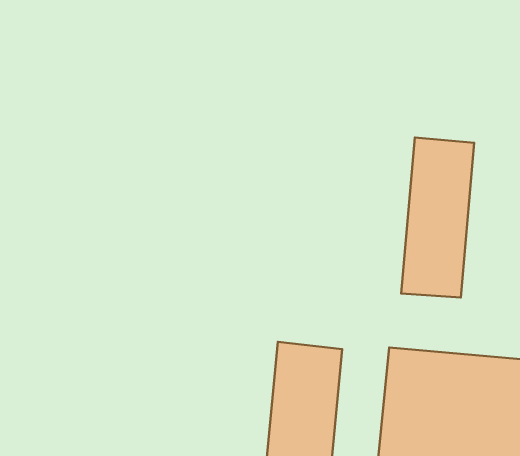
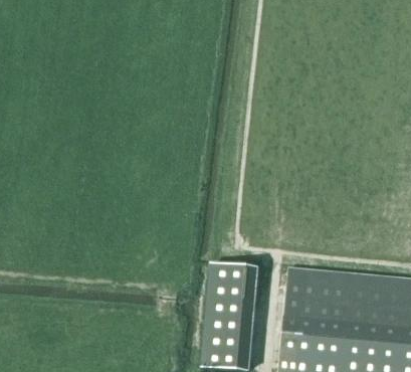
building: [401,137,474,297] -> none

